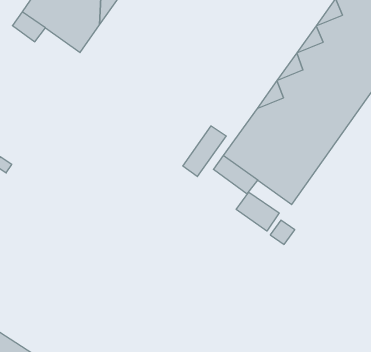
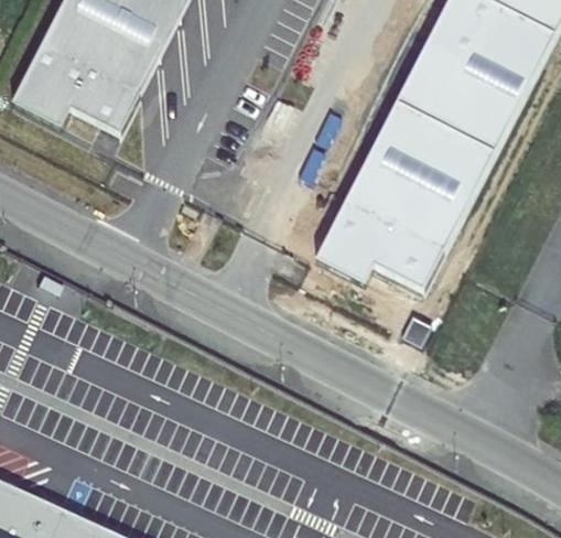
building: [183,126,226,177] -> none
building: [236,192,279,231] -> none

